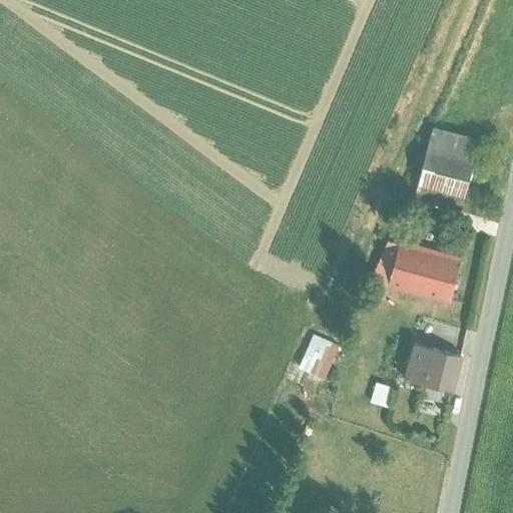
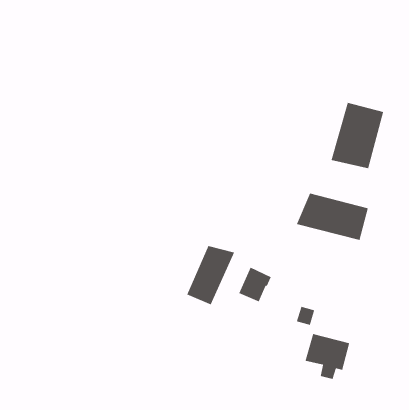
building: none -> [186,245,235,306]
building: [404,343,461,401] -> [304,333,350,380]

